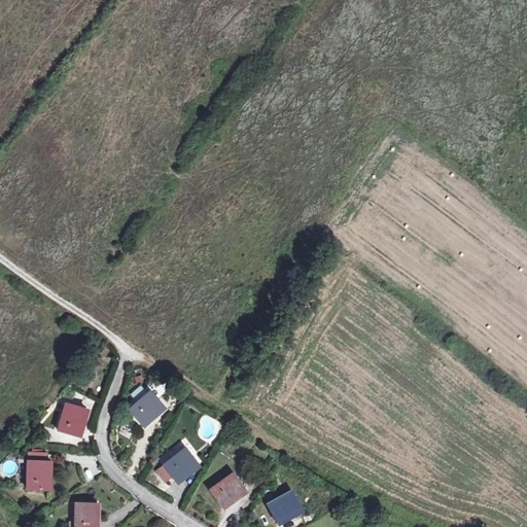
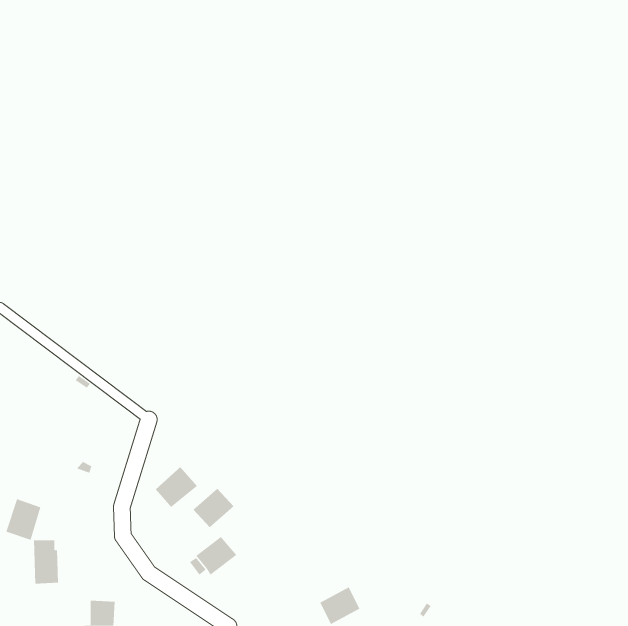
building: [58,402,87,437] -> [5,499,41,540]
building: none -> [192,488,234,528]
building: [210,475,245,507] -> none

